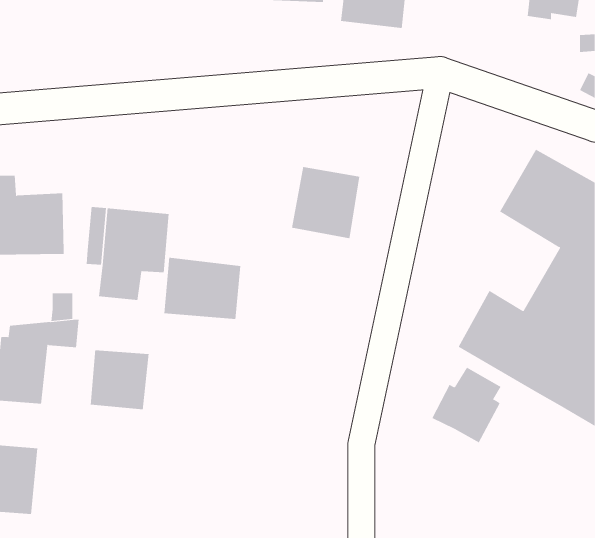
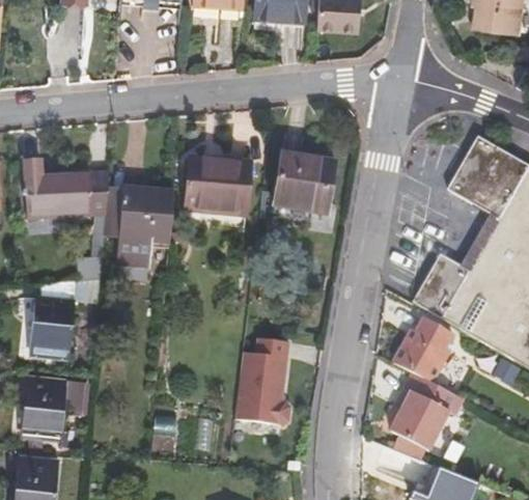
building: none -> [87,172,111,222]
building: [163,257,241,320] -> [188,156,252,207]
building: [90,349,149,410] -> none
building: none -> [233,339,288,423]
building: none -> [389,369,457,444]

